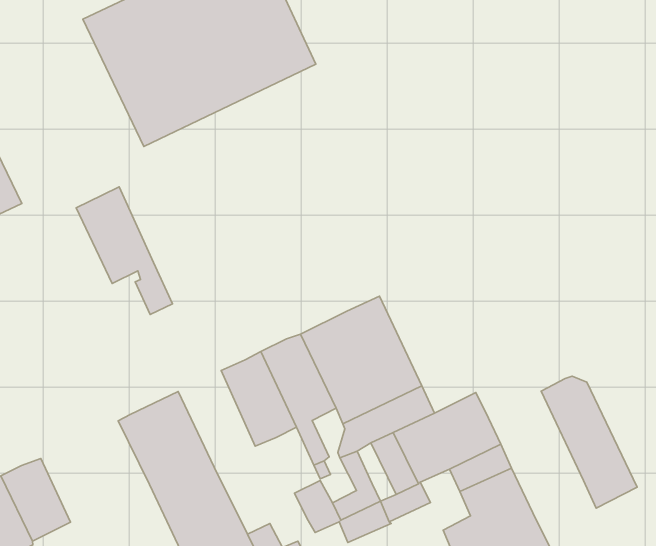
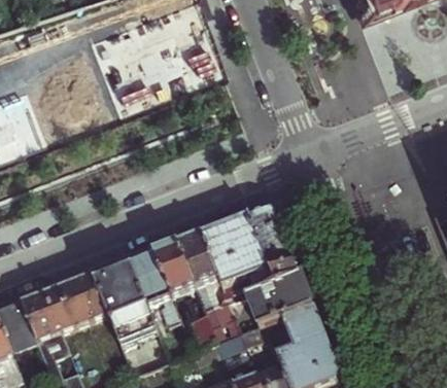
building: [76,187,172,314] -> [131,247,182,322]
building: [541,376,637,508] -> [251,204,303,281]
building: none -> [48,272,110,328]

